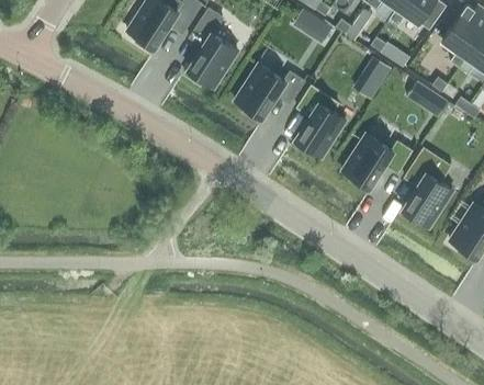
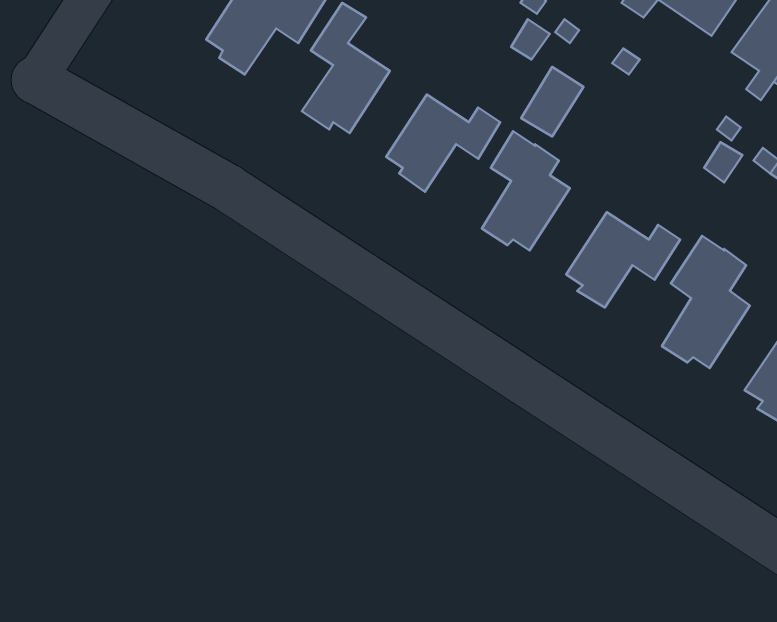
building: [353,56,391,98] -> [521,67,584,137]

